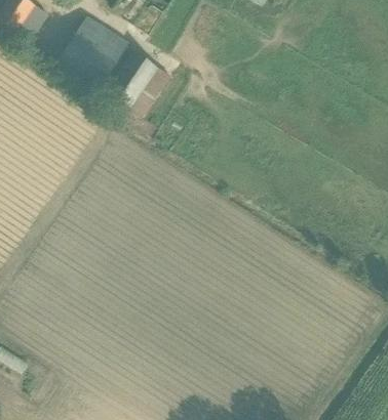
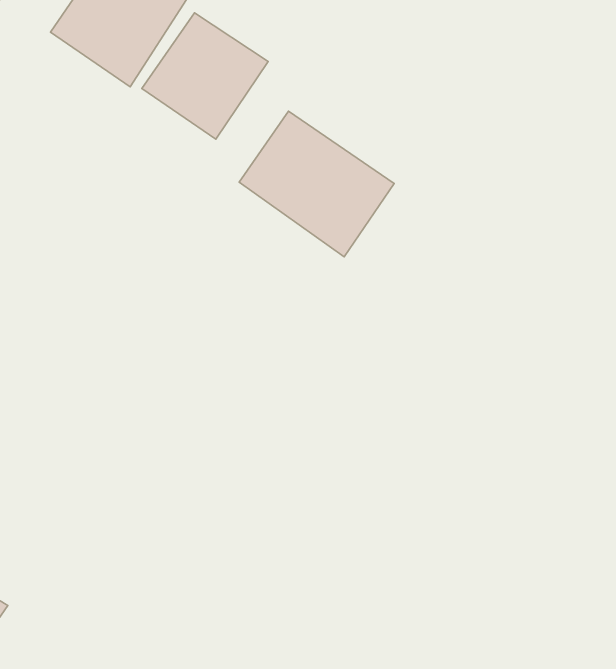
building: none -> [239,111,394,257]

